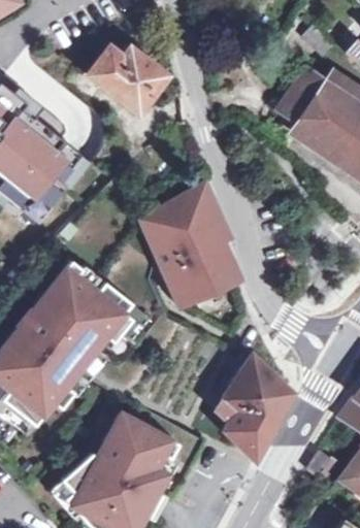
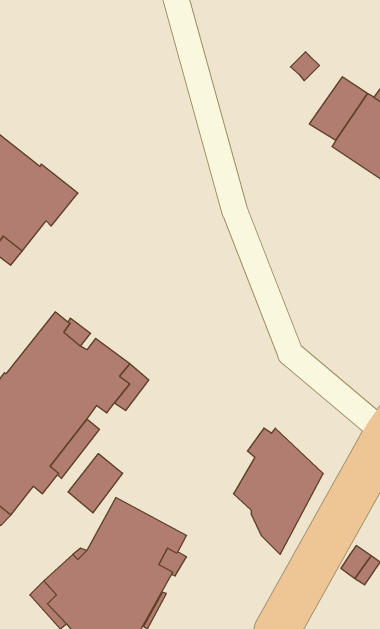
building: [87,45,167,112] -> none
building: [139,182,238,307] -> none
building: none -> [68,454,123,513]

